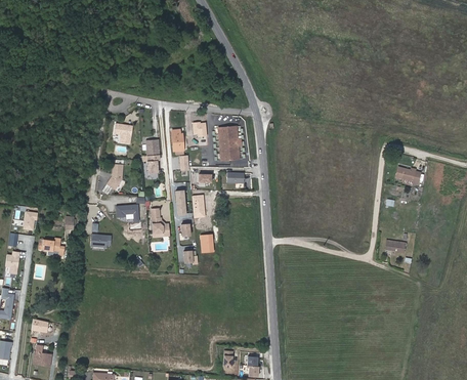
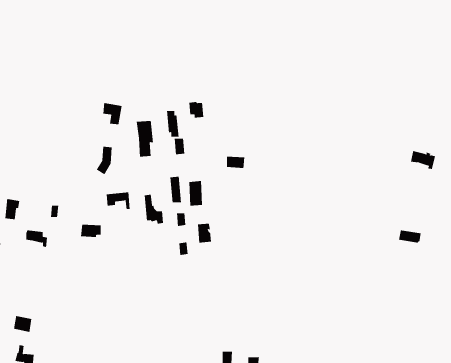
building: [218,126,240,160] -> none

